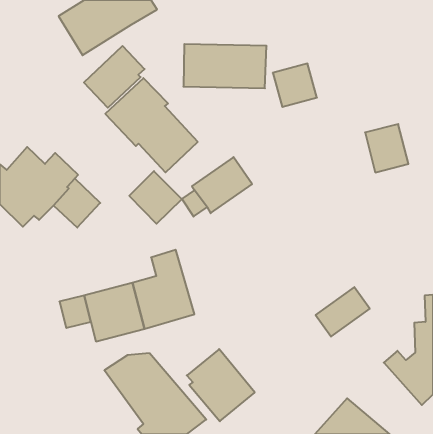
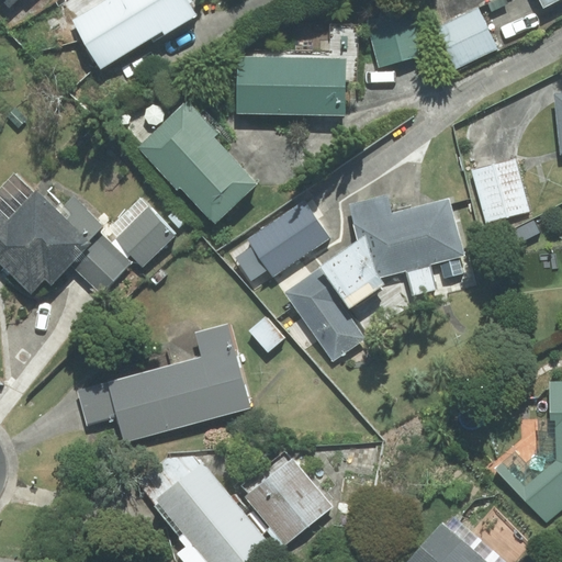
building: none -> [437,9,496,67]
building: [84,46,145,108] -> none
building: [273,64,317,107] -> [367,10,424,66]
building: none -> [283,193,463,362]
building: [129,171,182,224] -> [106,199,175,267]
building: [316,287,370,337] -> none

